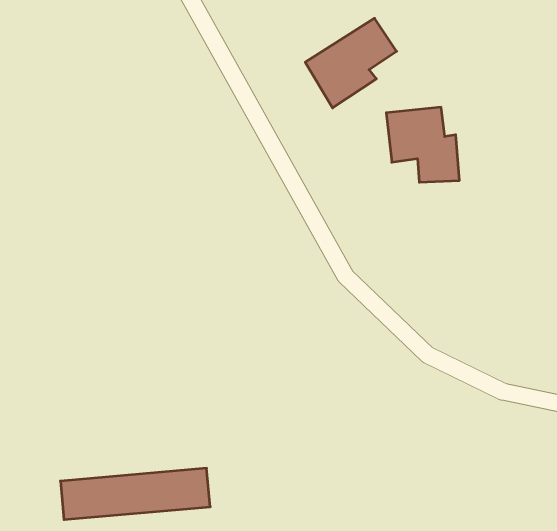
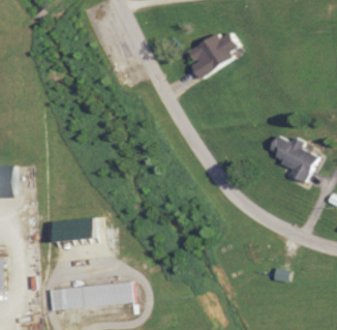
building: [386,107,459,182] -> [271,136,312,178]

